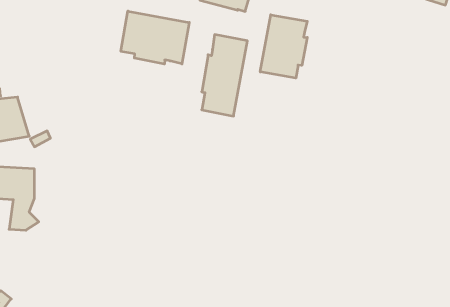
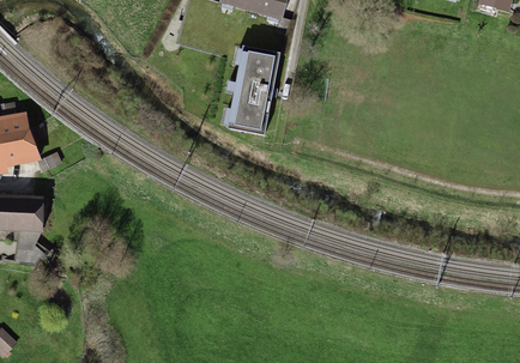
building: [121,11,189,64] -> none
building: [260,15,307,78] -> none

